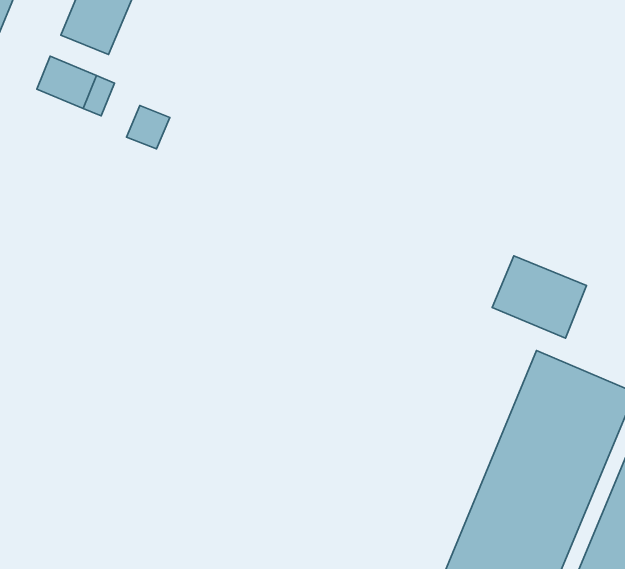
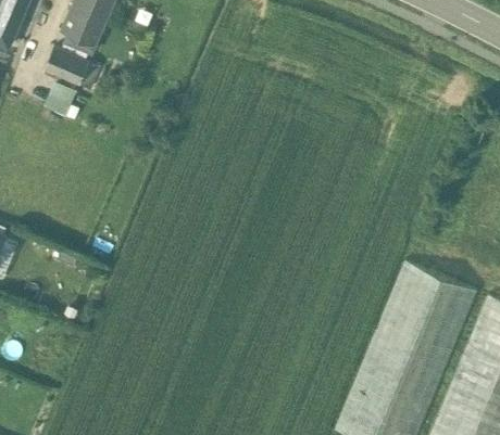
building: [127,106,170,149] -> [45,81,76,113]
building: [492,256,587,338] -> none

